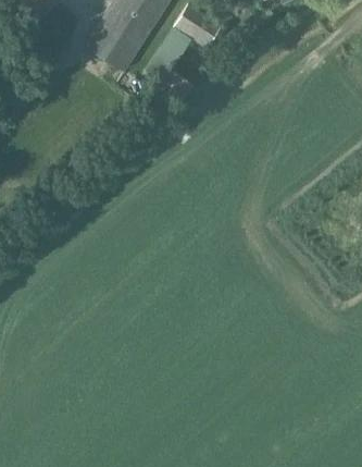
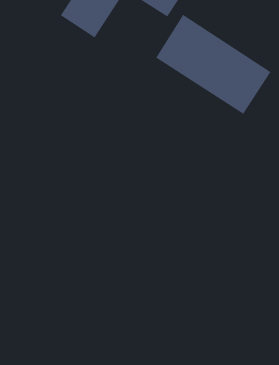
building: none -> [155,14,272,115]

